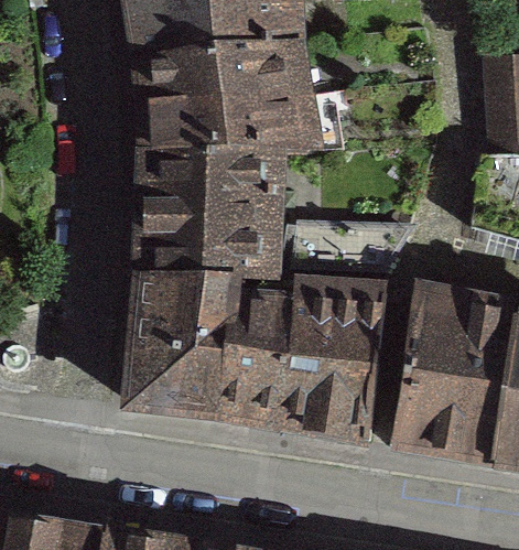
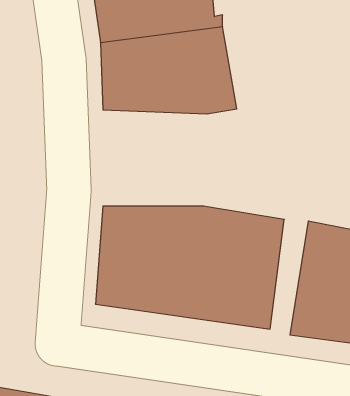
building: [143,147,281,274] -> none

